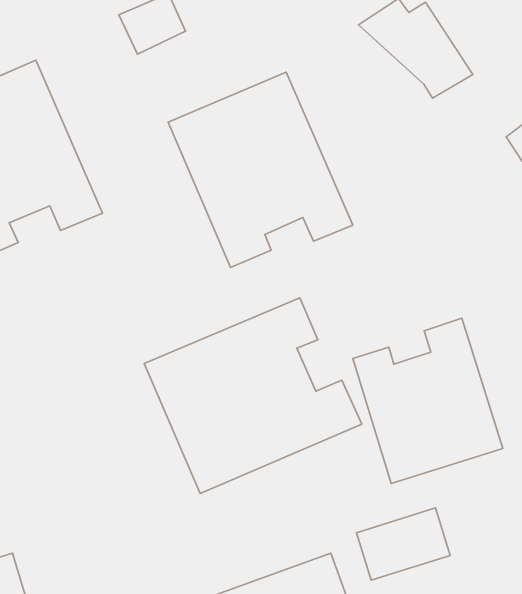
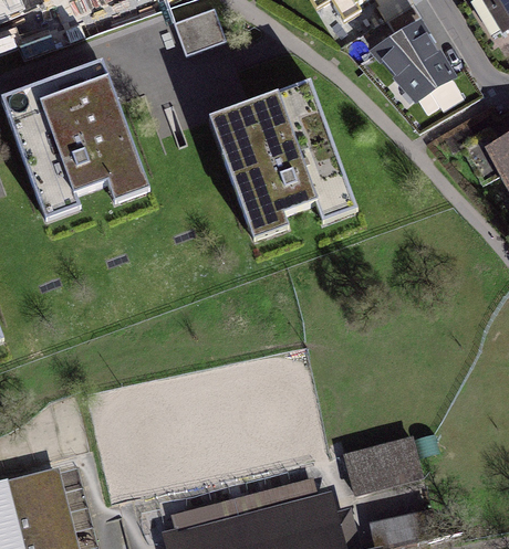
building: [144,298,362,494] -> none
building: [353,318,503,484] -> none

